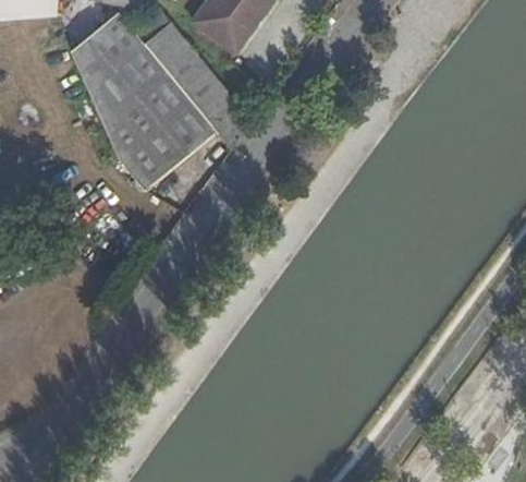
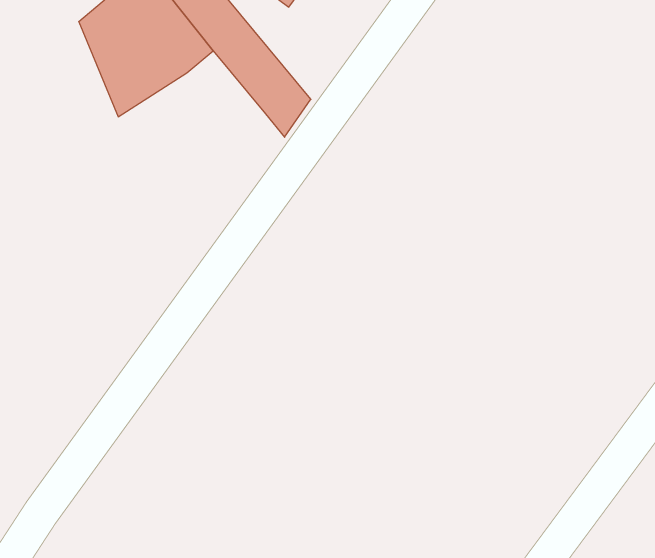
building: [107,84,217,193] -> none

